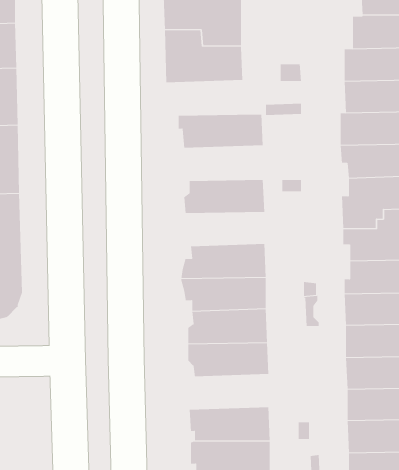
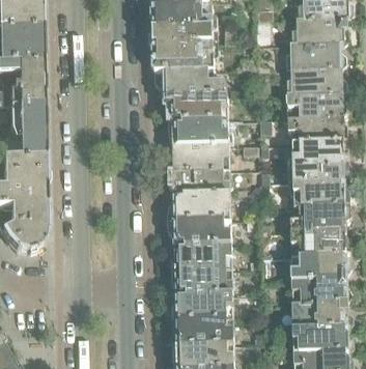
building: none -> [156,67,225,94]
building: none -> [169,117,230,144]
building: none -> [169,168,231,194]
building: none -> [173,291,234,318]

